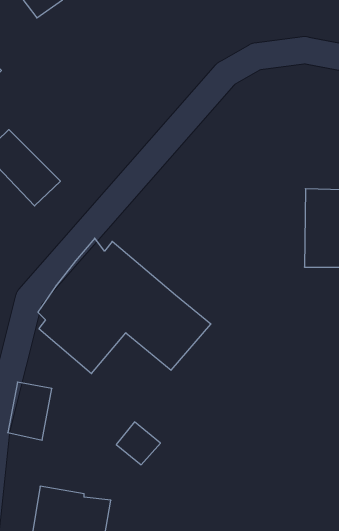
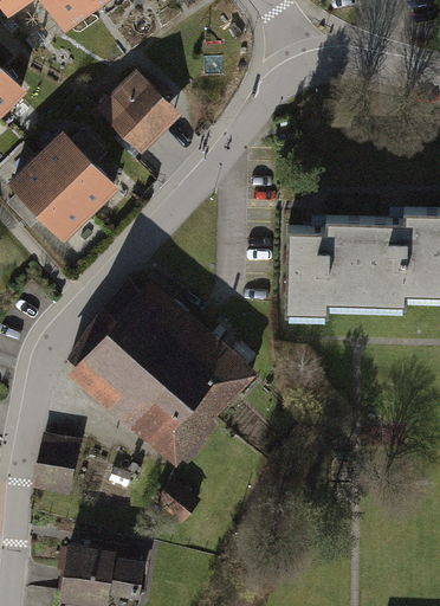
building: none -> [95,69,181,154]
building: none -> [34,128,118,212]
building: none -> [283,220,361,316]
building: none -> [125,379,218,466]

